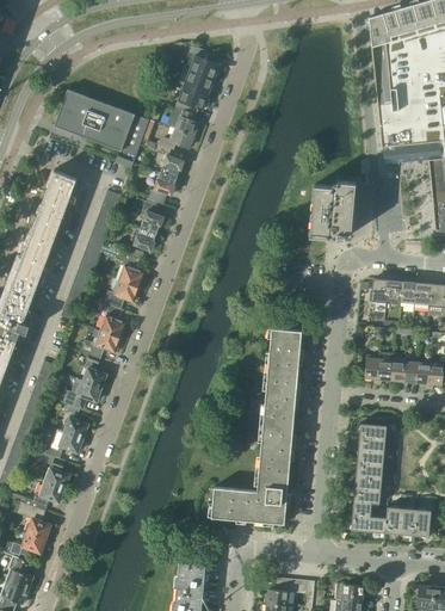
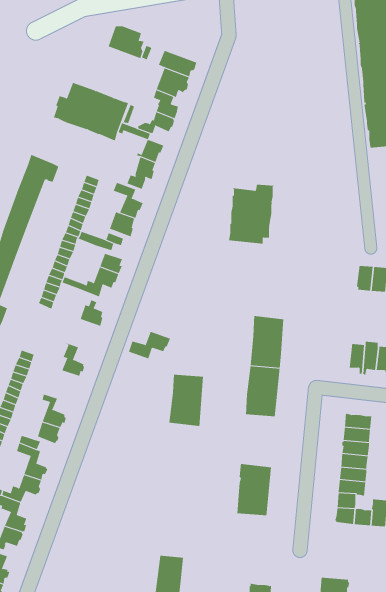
building: [184,48,220,80] -> [108,26,144,59]
building: [54,90,94,134] -> none
building: [310,180,356,239] -> [228,184,275,244]
building: [80,331,122,358] -> [128,331,171,359]
building: [62,378,101,409] -> none
building: [258,424,292,475] -> [168,374,204,427]
building: [211,487,257,520] -> none

